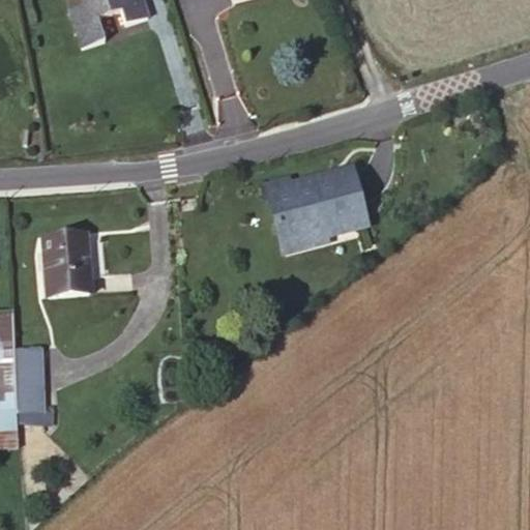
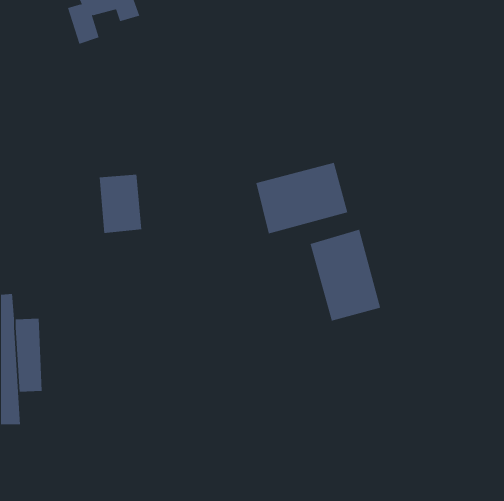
building: [45,234,90,296] -> [99,174,142,234]
building: none -> [310,229,381,321]

